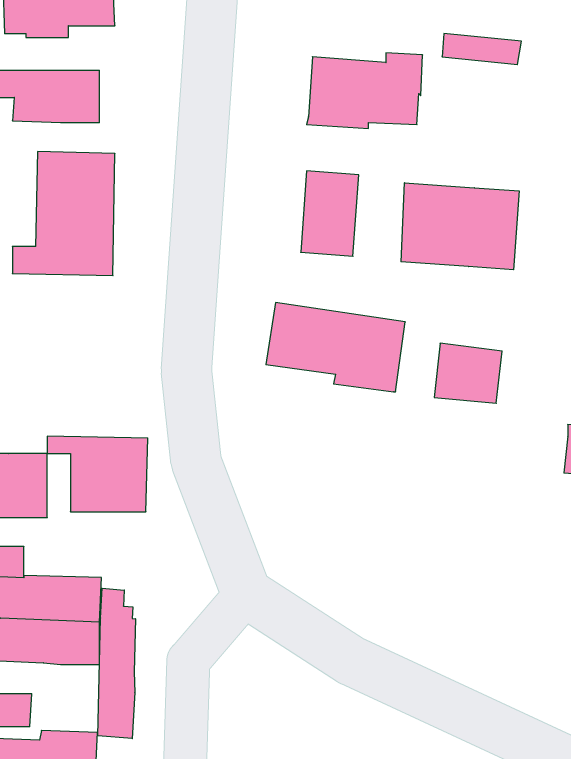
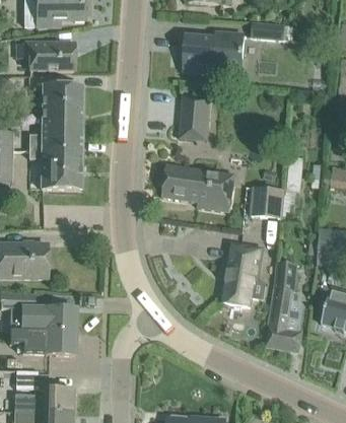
building: [401,183,519,270] -> none
building: [47,436,148,512] -> [28,149,81,189]
building: none -> [221,243,262,306]
building: none -> [266,261,301,351]
building: [98,588,135,739] -> none

